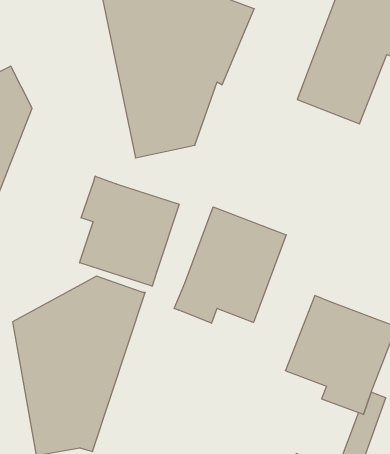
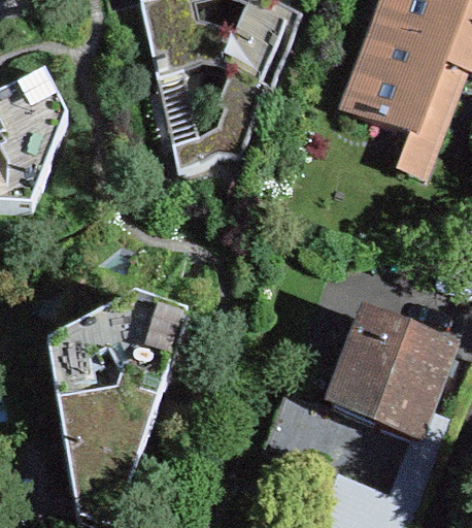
building: [80,176,179,286] -> none
building: [174,207,286,323] -> none

